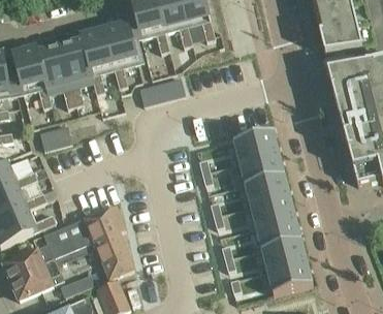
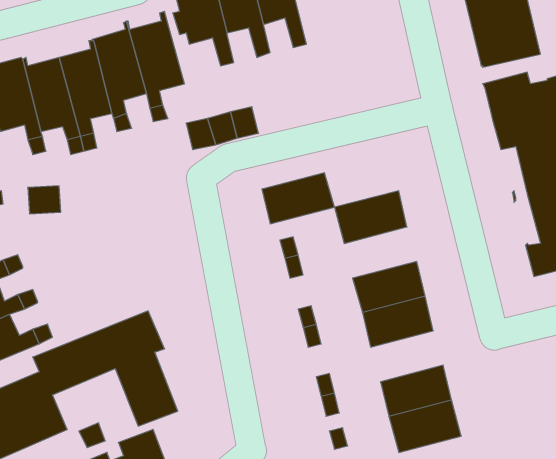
building: [238,152,284,184] -> [262,173,334,224]
building: [255,217,300,249] -> none

